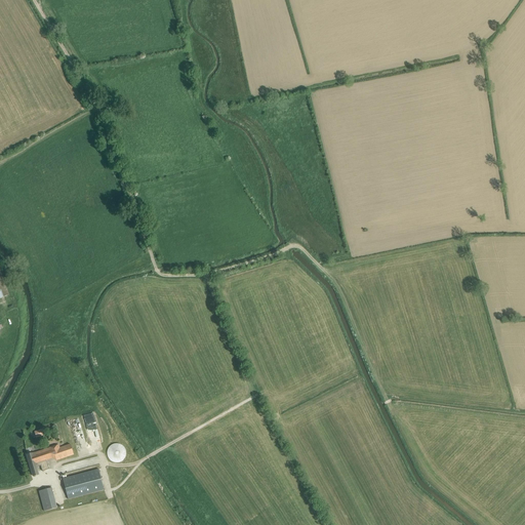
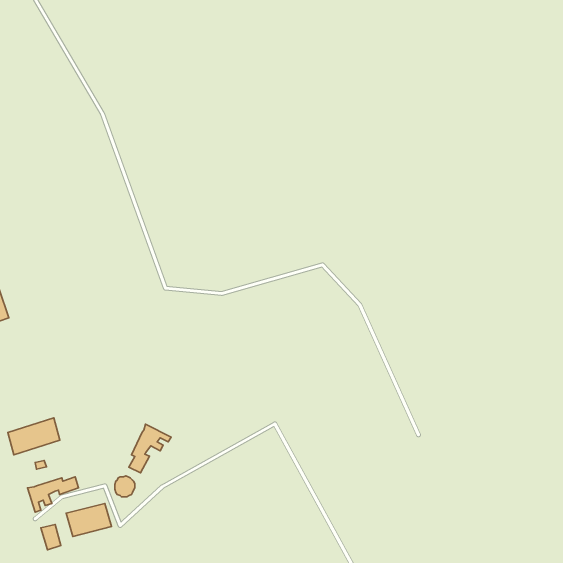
building: none -> [8,418,60,455]
building: none -> [129,424,171,473]

